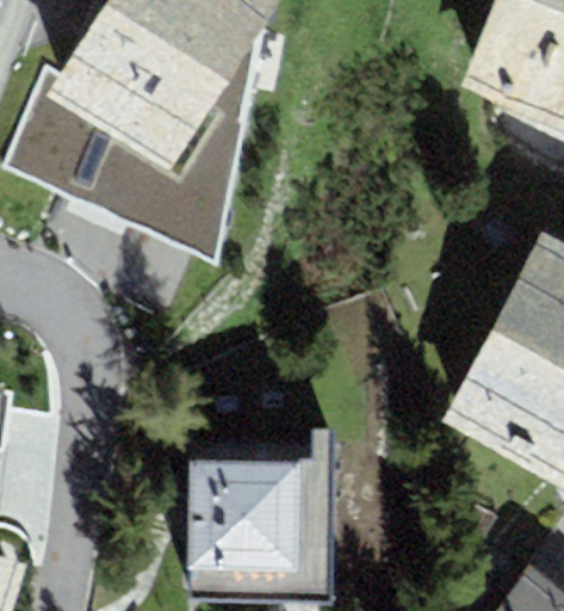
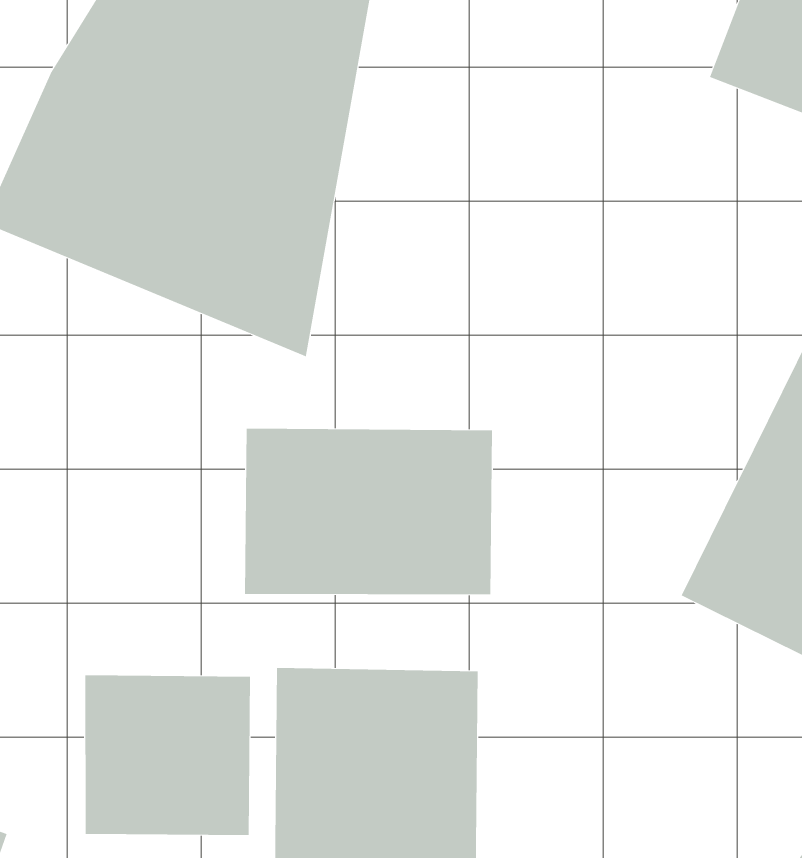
building: none -> [245,428,492,595]
building: none -> [85,674,251,836]

